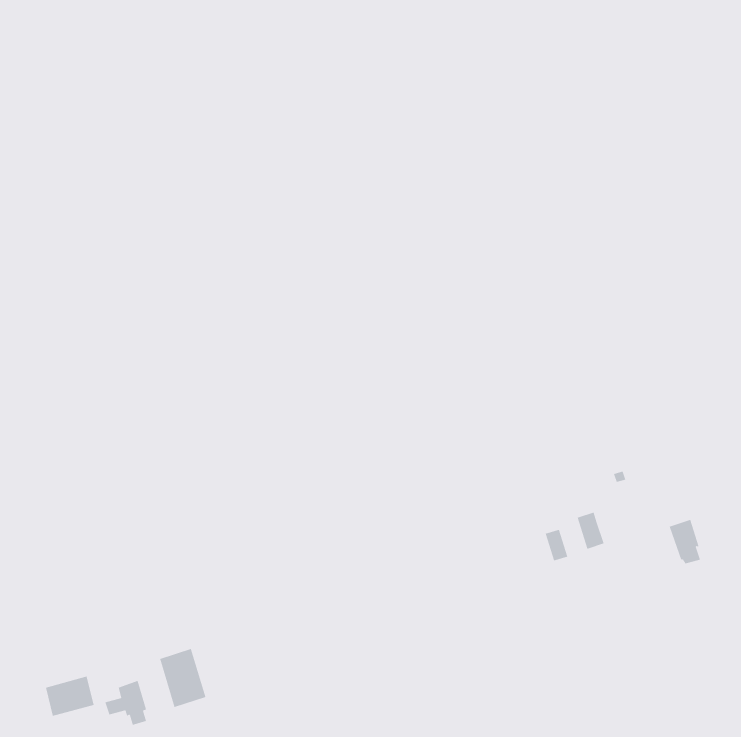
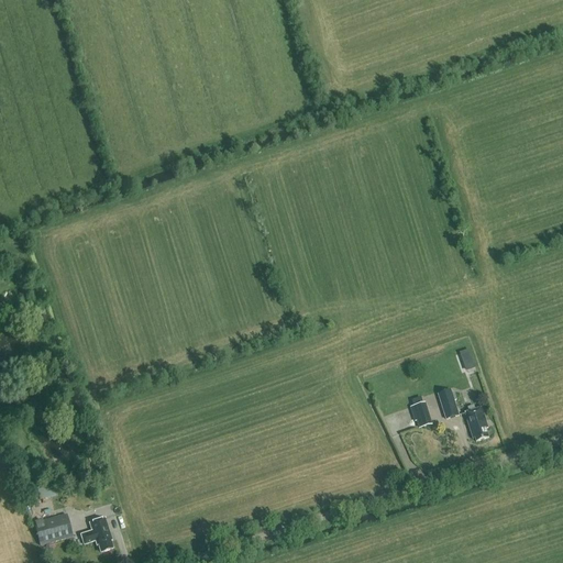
building: [669,519,701,564] -> [464,404,488,438]
building: [160,648,206,708] -> none

